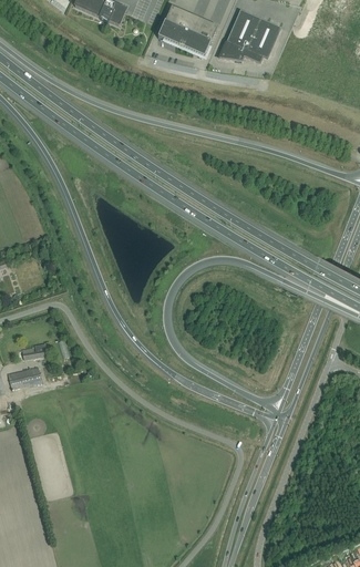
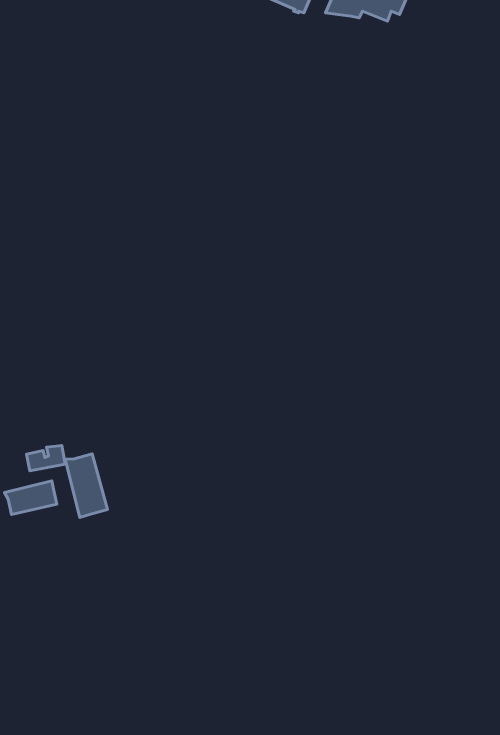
building: none -> [65,454,108,518]

